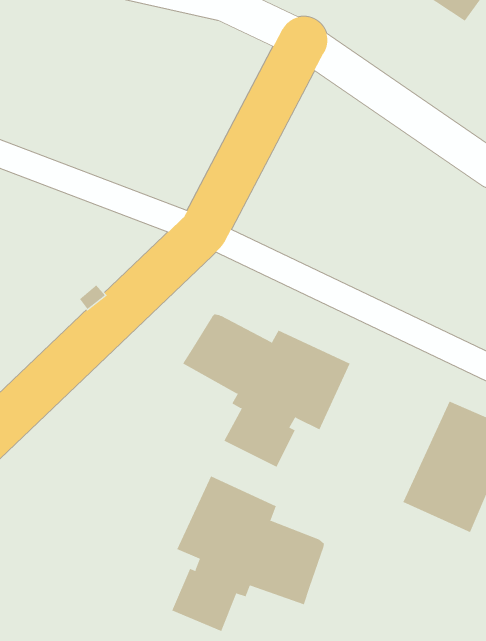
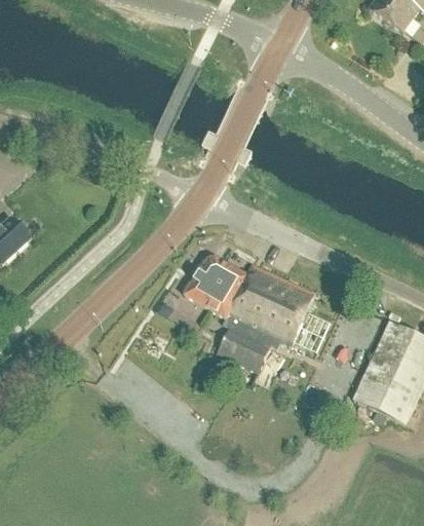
building: [171,476,324,632] -> none

